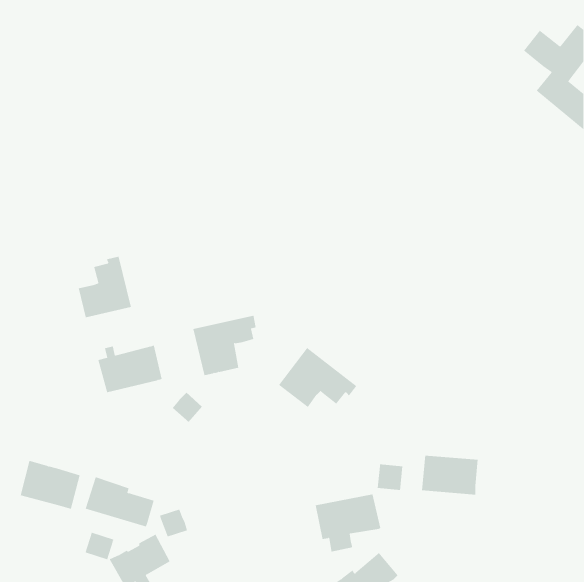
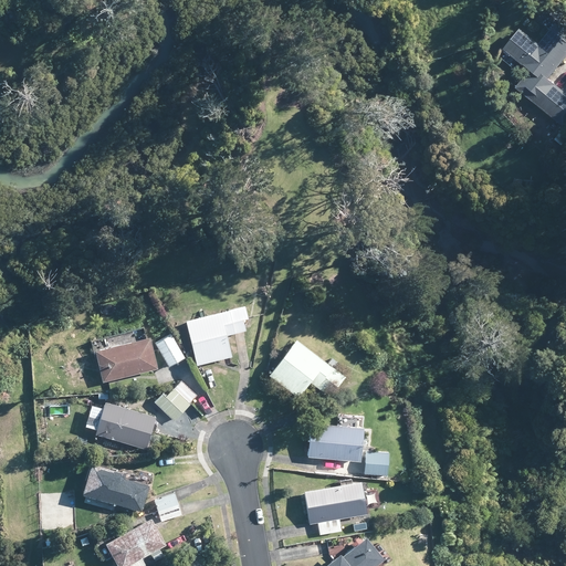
building: [78,256,132,318] -> none
building: none -> [155,335,184,367]
building: [421,455,478,495] -> [307,422,363,461]
building: [20,460,81,509] -> [96,401,155,449]
building: [85,532,114,560] -> none

